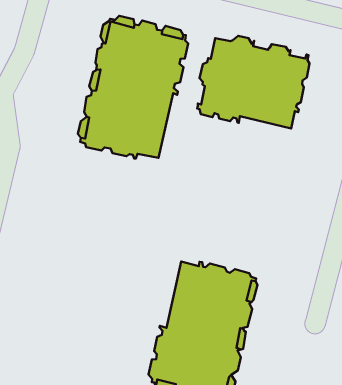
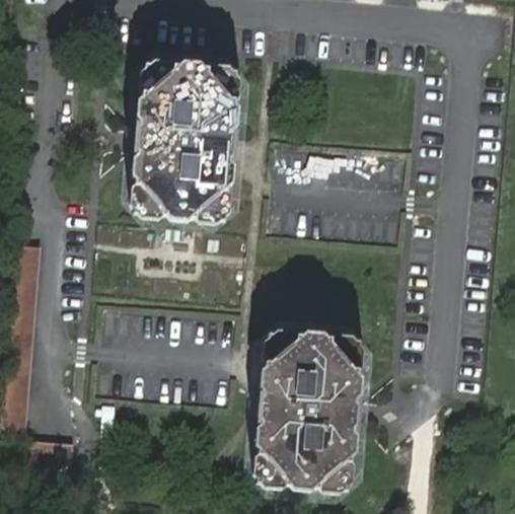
building: [197,36,309,128] -> none

